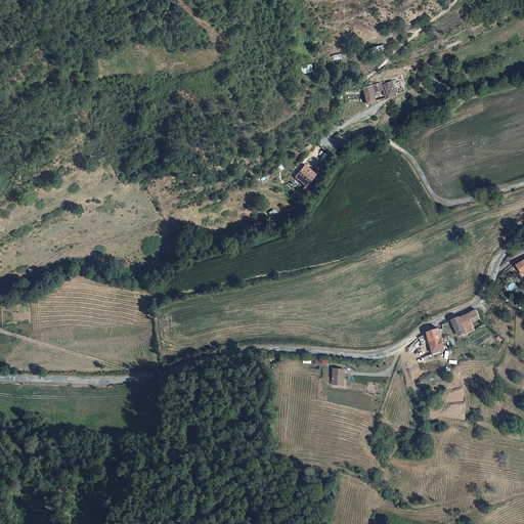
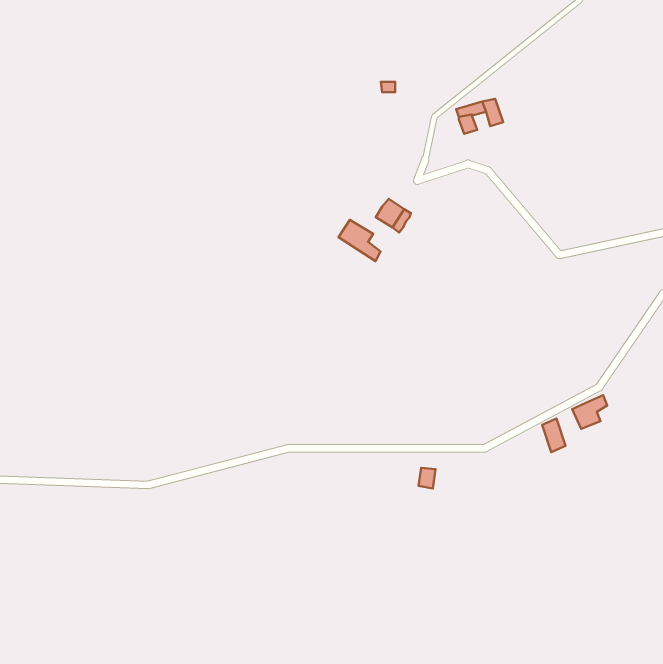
building: none -> [338,220,380,261]

